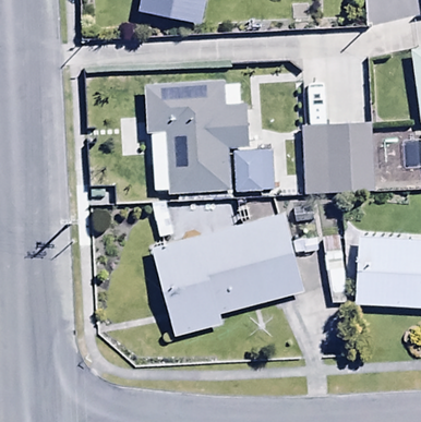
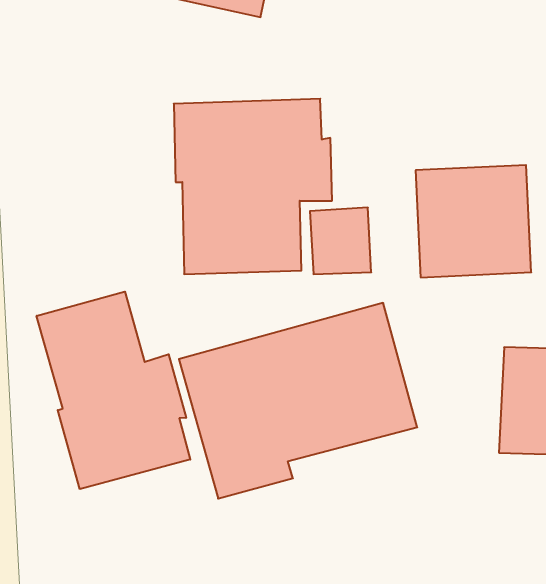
building: none -> [37,292,190,489]

